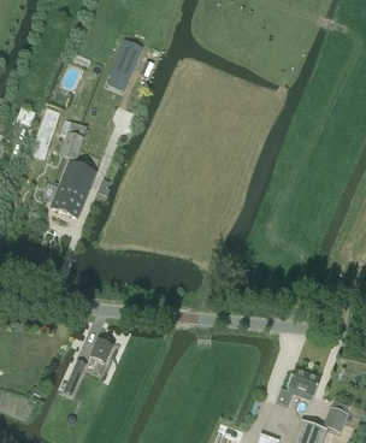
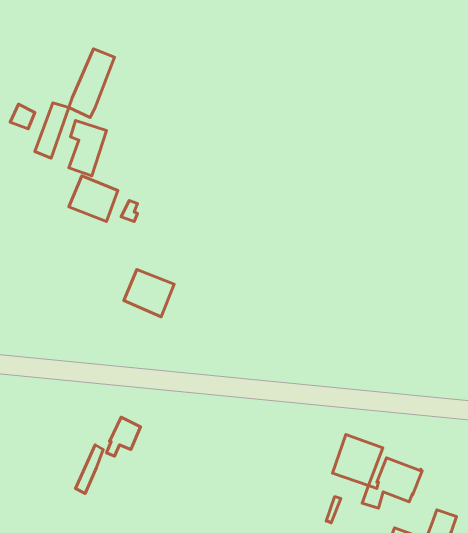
building: [107,40,141,90] -> [69,49,115,117]
building: [49,183,87,218] -> [124,270,174,317]
building: none -> [333,434,383,485]

